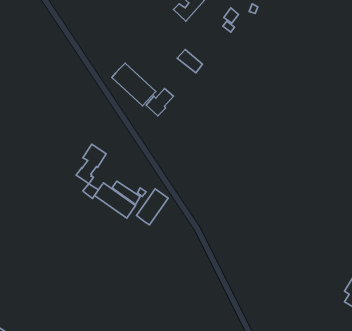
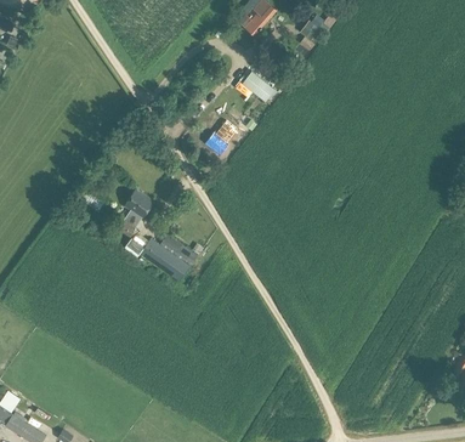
building: [112,63,156,106] -> none
building: [136,189,168,225] -> none

